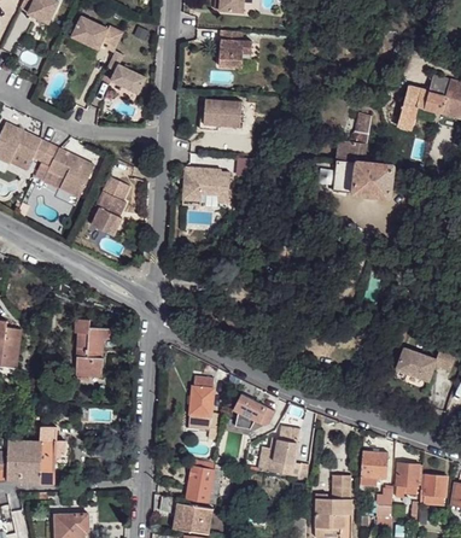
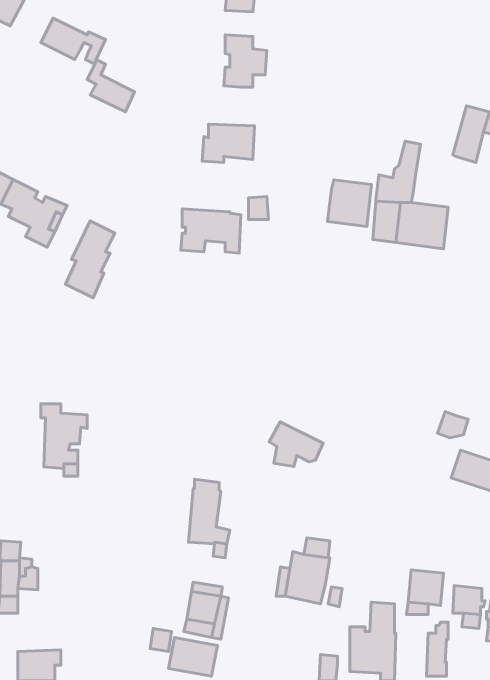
building: none -> [328,180,371,227]
building: [232,393,274,428] -> [269,422,323,466]

